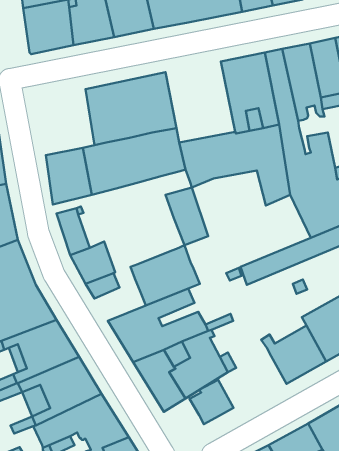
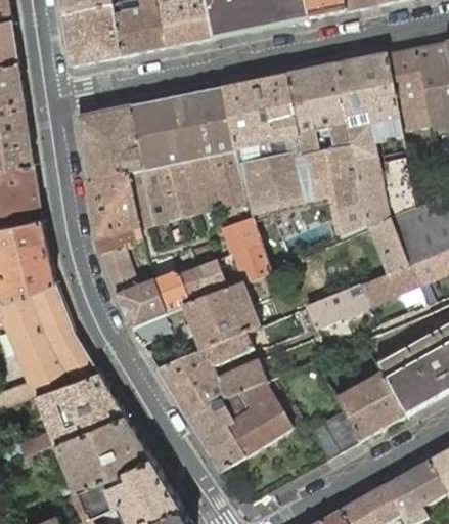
building: none -> [221,74,300,166]
building: none -> [76,105,140,180]
building: none -> [151,252,242,313]
building: [189,380,234,424] -> [308,408,358,458]

